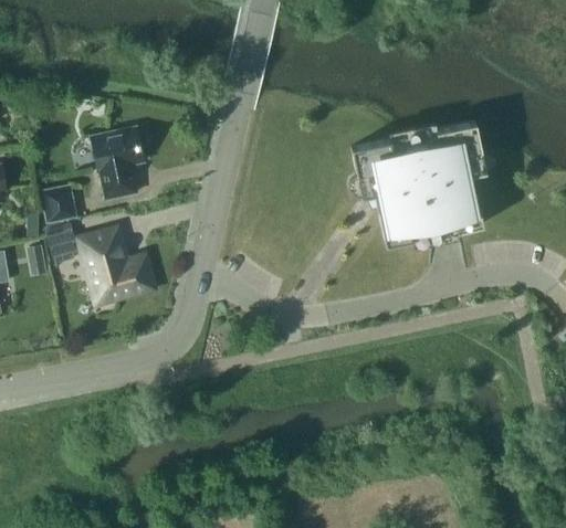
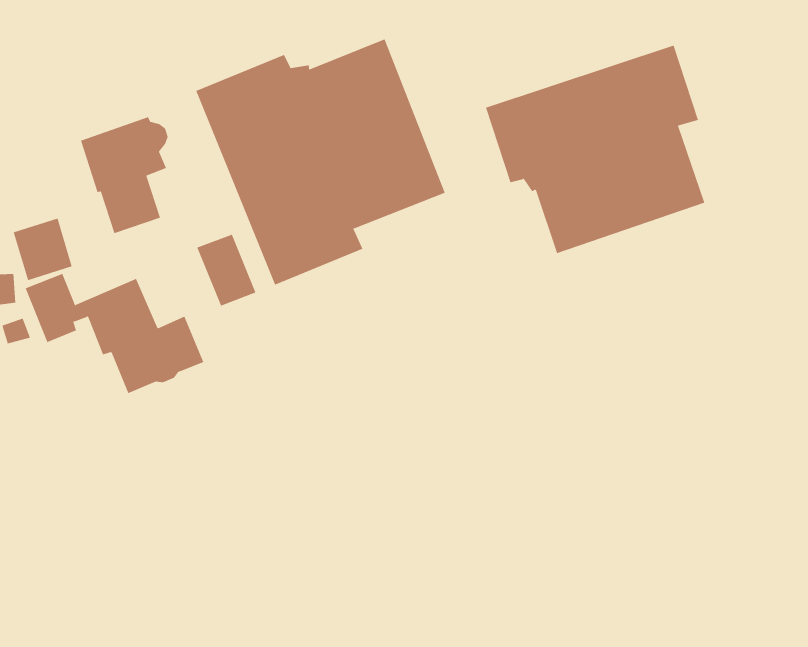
building: none -> [196,39,446,286]
building: none -> [197,234,256,307]

